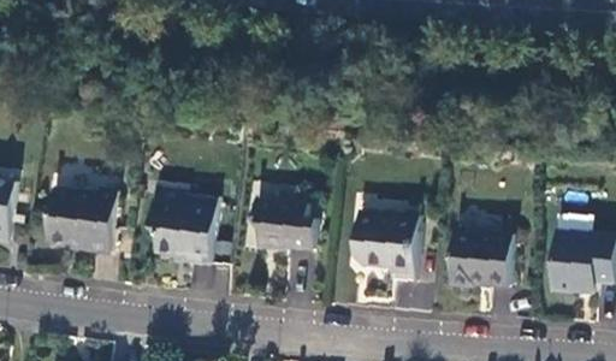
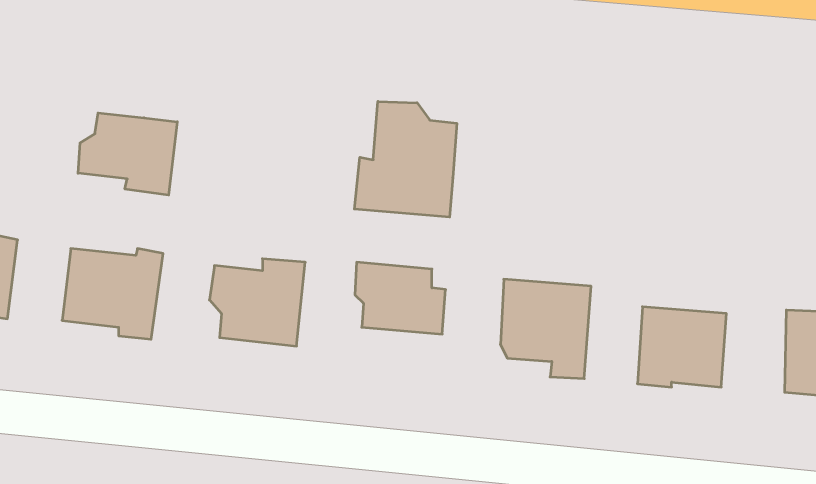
building: none -> [354,101,457,217]
building: none -> [78,113,177,195]

